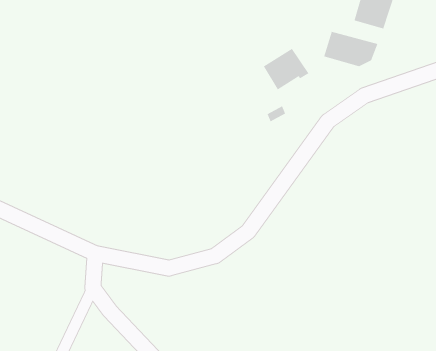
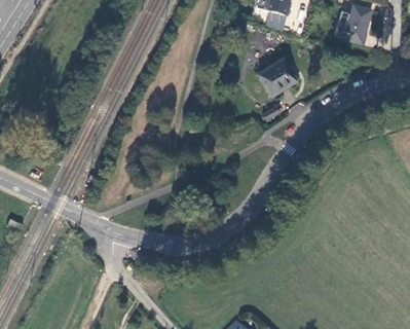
building: [323,31,378,67] -> none

